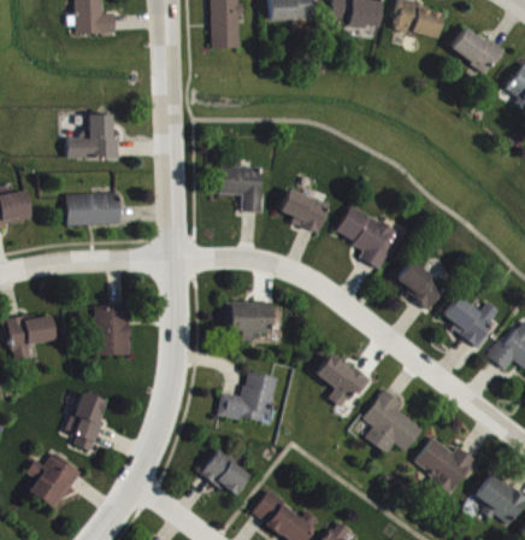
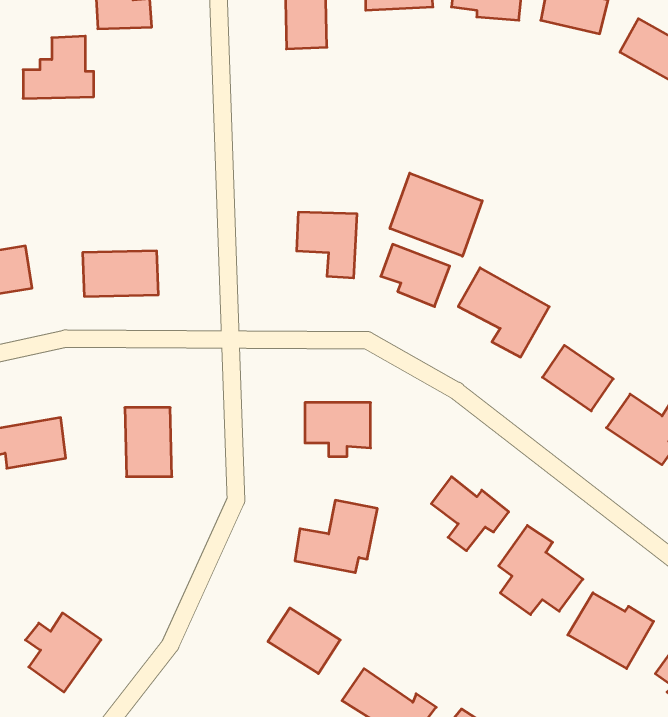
building: [67,113,118,158] -> [23,36,94,98]
building: none -> [390,173,482,256]
building: [66,391,108,450] -> none

